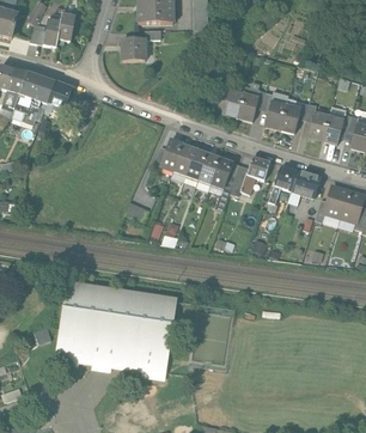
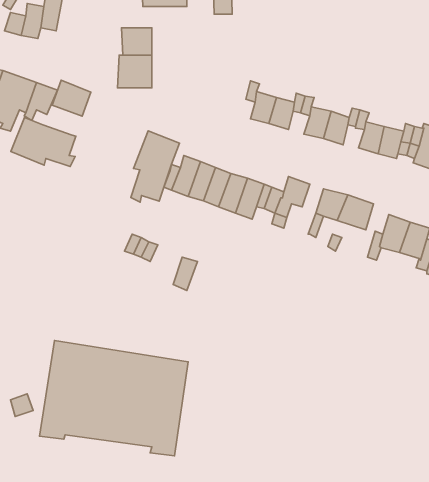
building: none -> [118,55,152,88]
building: none -> [52,80,91,116]
building: none -> [11,118,76,167]
building: none -> [131,131,179,202]

